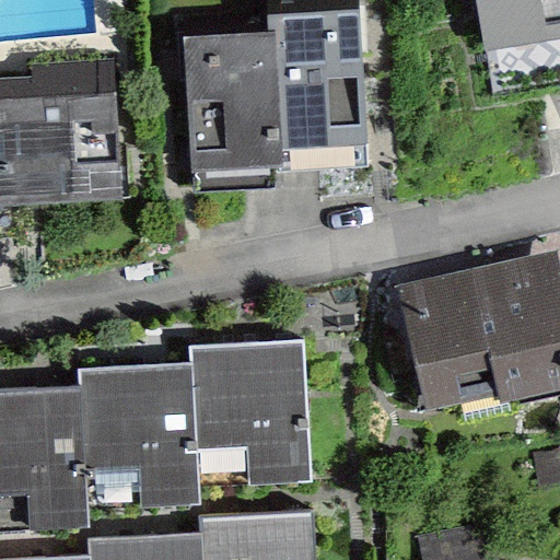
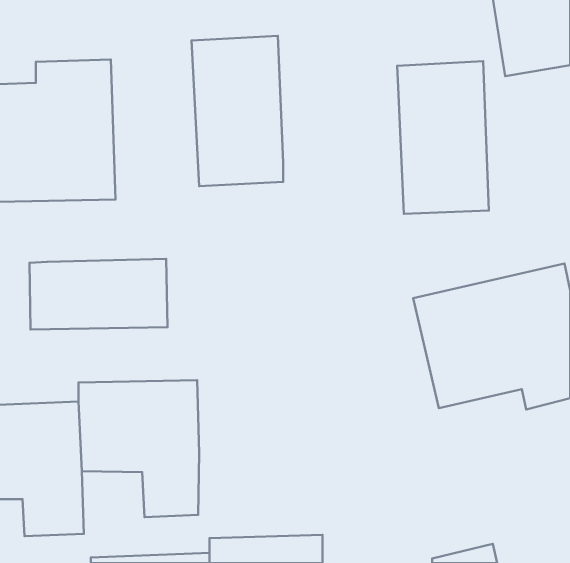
building: [270,10,360,159] -> [397,61,489,214]
building: none -> [29,259,168,330]
building: [191,346,308,477] -> none

